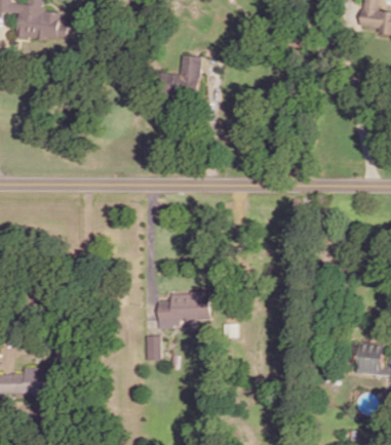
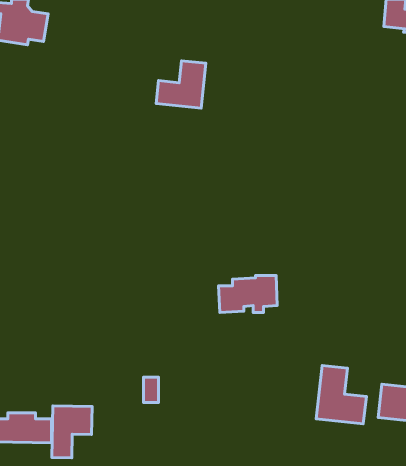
building: [155,291,207,324] -> [219,276,277,312]
building: none -> [316,365,366,424]
building: none -> [52,406,92,458]

